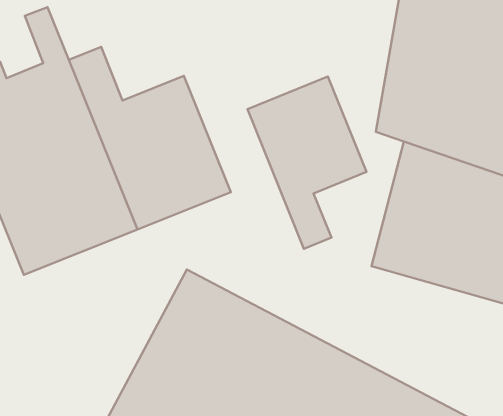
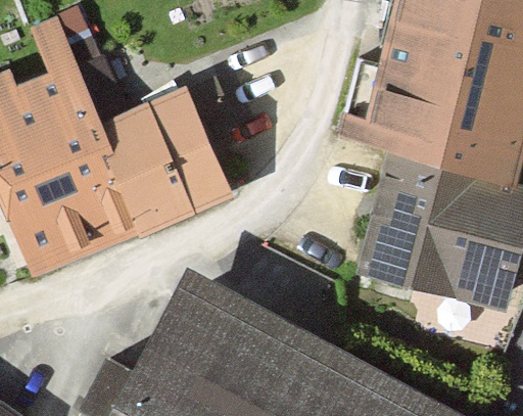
building: [247,76,366,249] -> none

